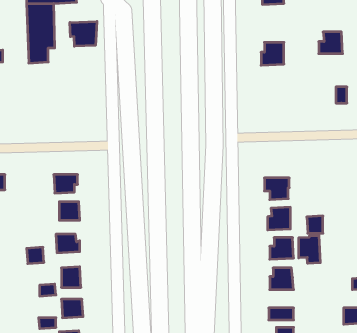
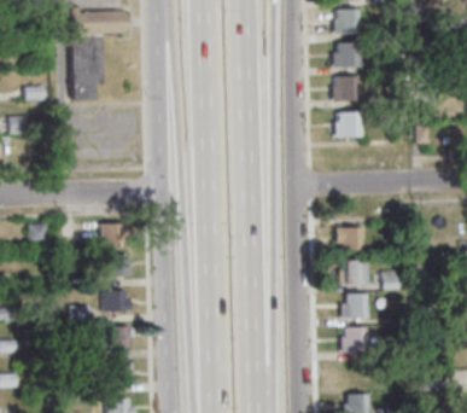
building: [70,21,97,46] -> none
building: [319,32,343,54] -> [331,42,357,66]
building: none -> [333,112,361,136]
building: [299,235,320,263] -> none

